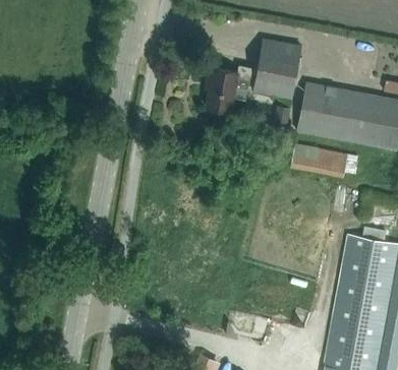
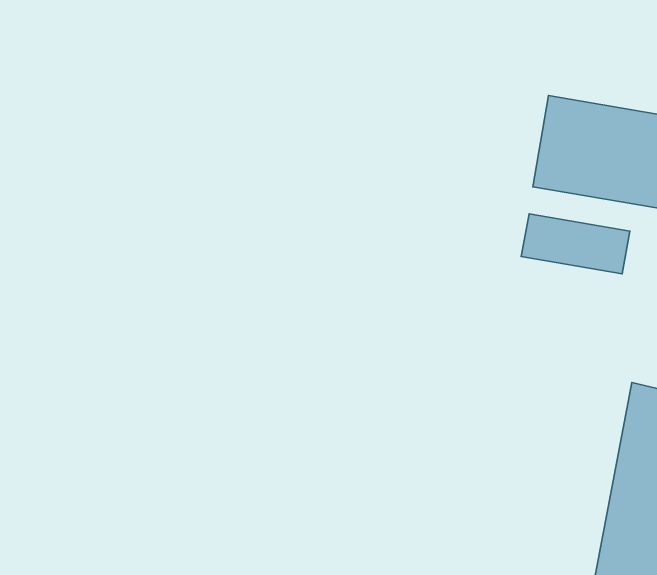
building: [253,39,300,99] -> none
building: [206,66,251,111] -> none

